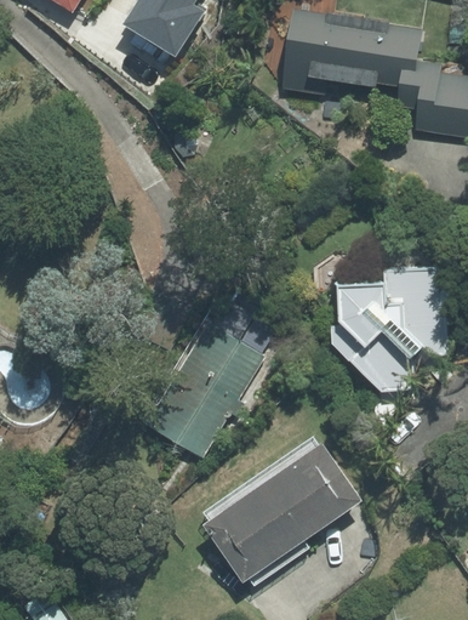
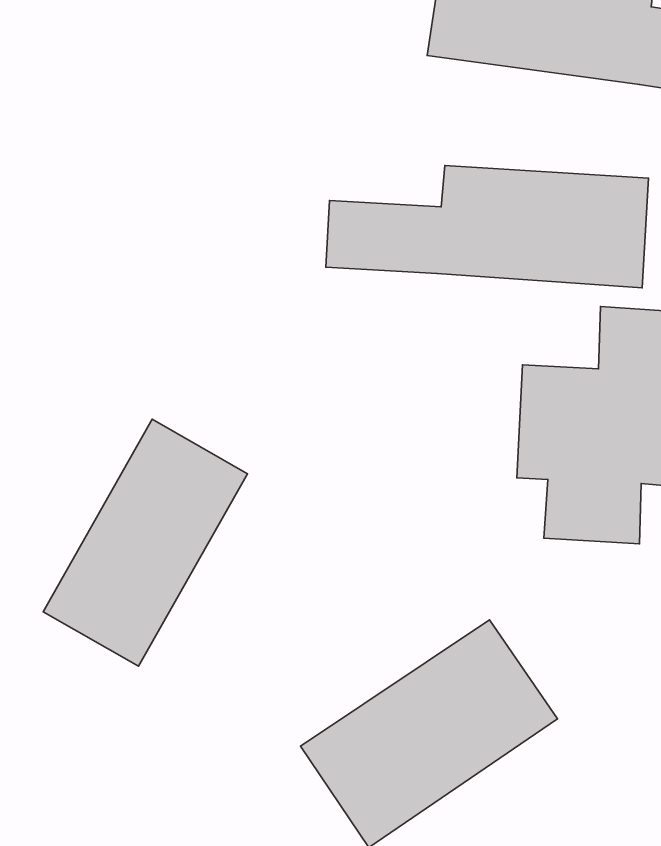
building: none -> [326,166,649,288]
building: [139,302,267,456] -> [43,419,248,666]

